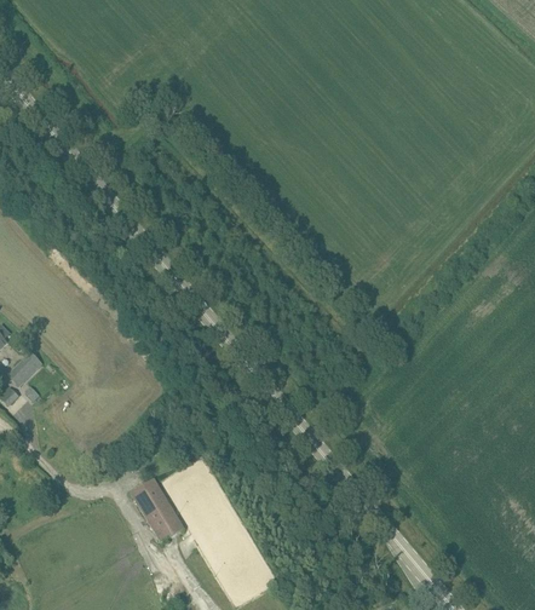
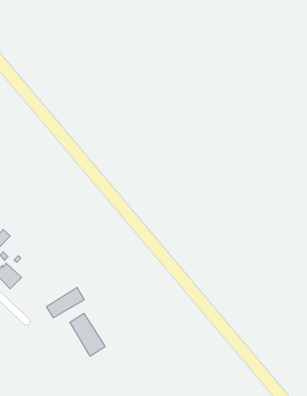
building: none -> [47,287,84,318]

